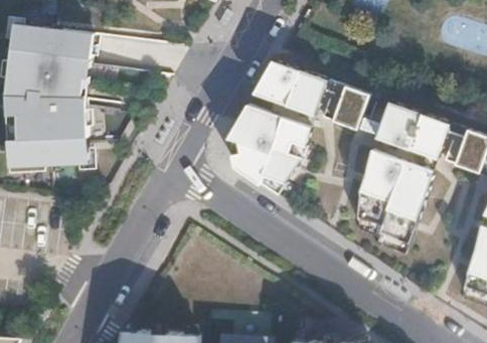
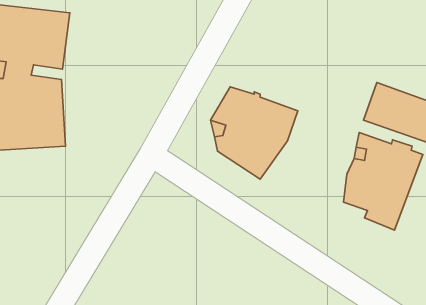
building: [255,60,370,128] -> none

